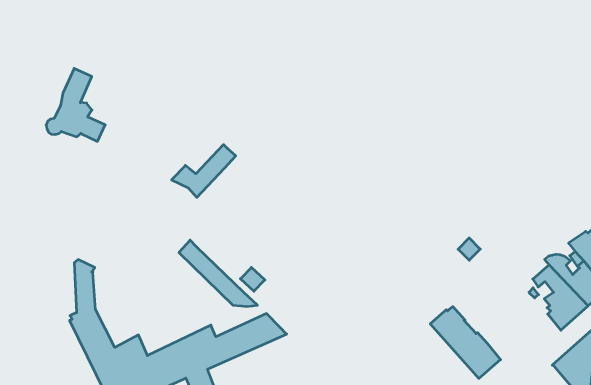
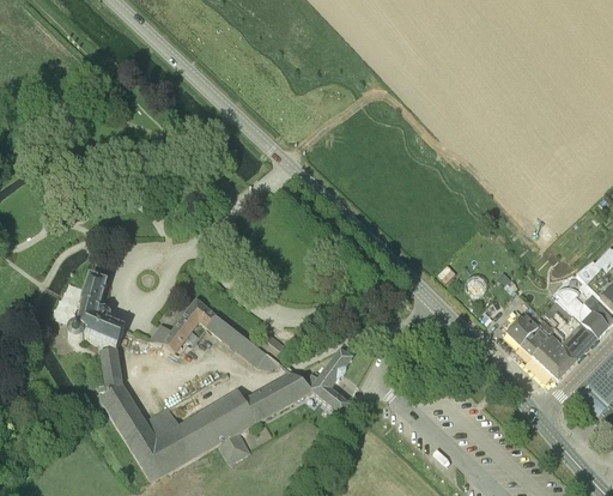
building: [46,68,105,141] -> [67,276,125,344]
building: [172,145,236,197] -> [148,298,208,352]
building: none -> [304,349,351,413]
building: [430,307,501,378] -> [505,311,577,379]

